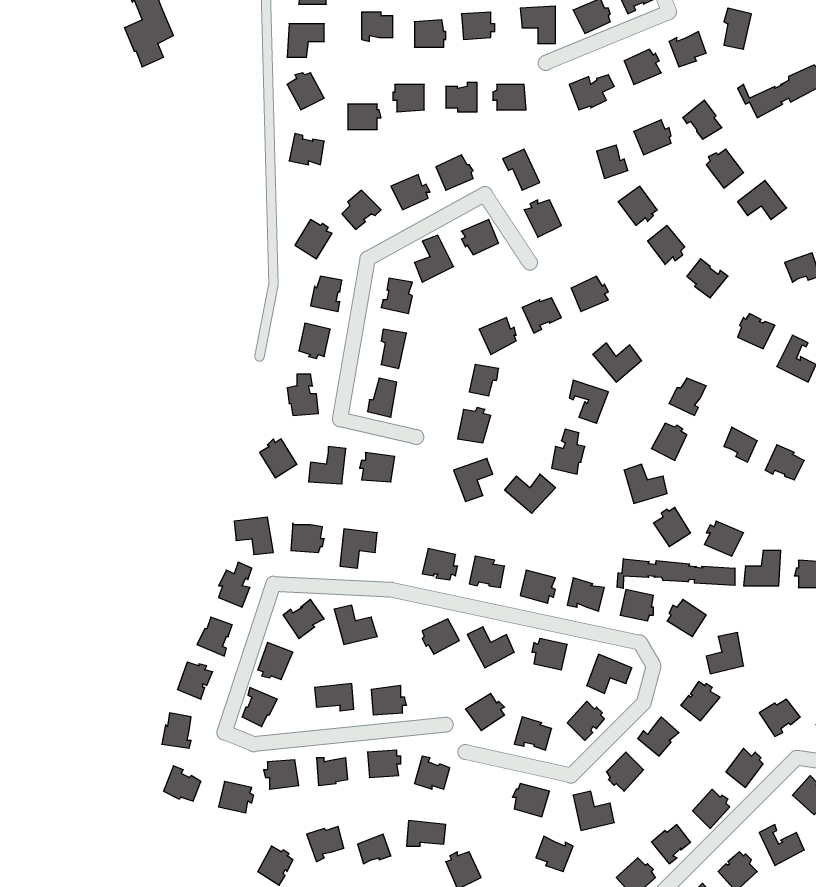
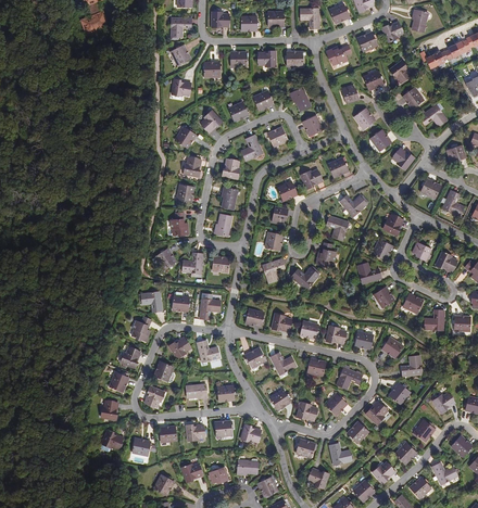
building: [617,559,735,588] -> none

